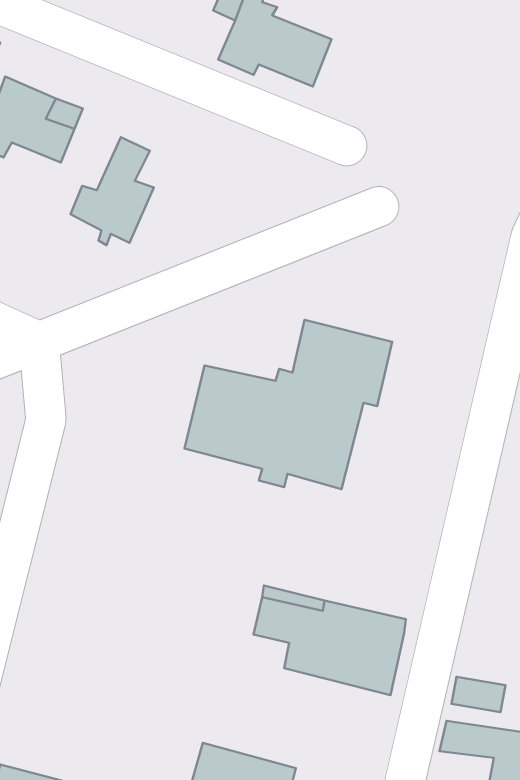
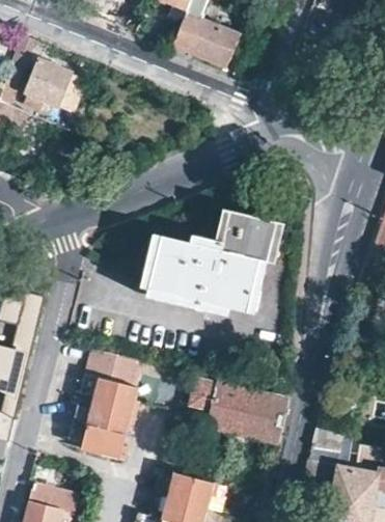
building: [71,137,154,245] -> none
building: none -> [68,349,144,462]

